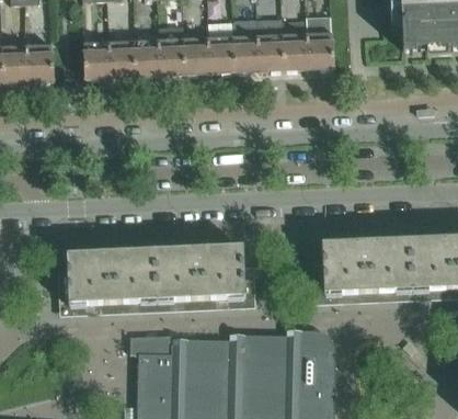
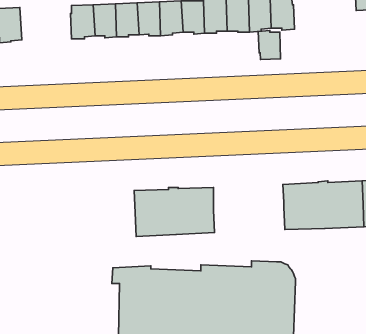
building: [26,43,54,81] -> none
building: none -> [258,30,280,59]
building: [67,249,157,304] -> none

